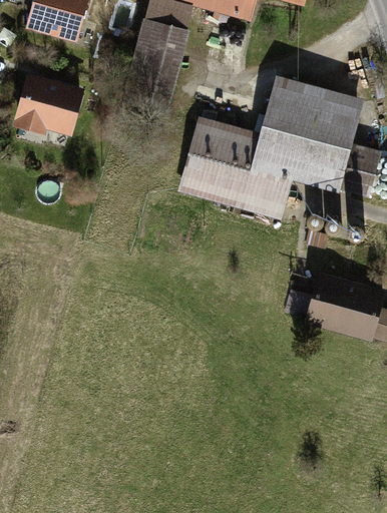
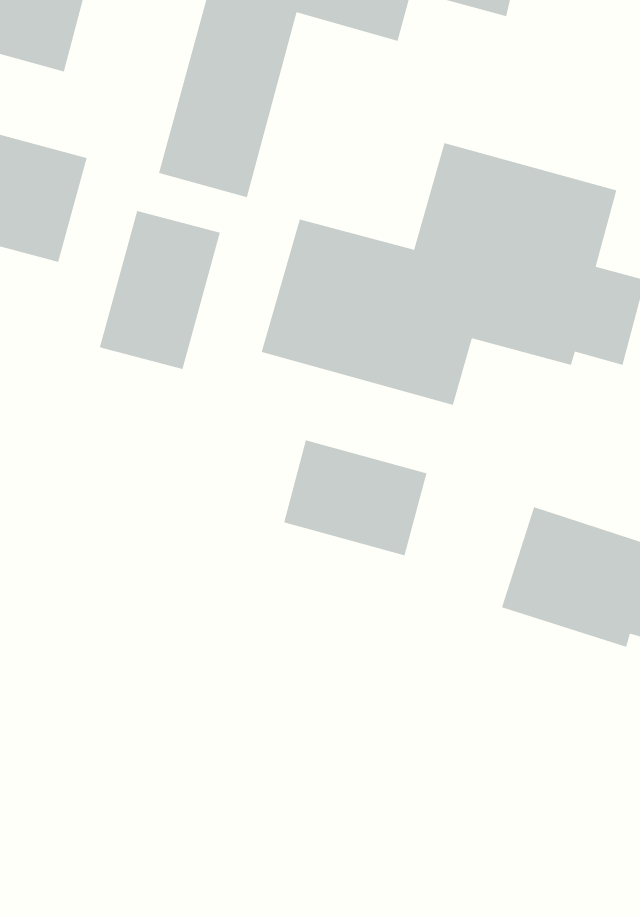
building: none -> [99,210,220,370]
building: none -> [283,440,427,556]

